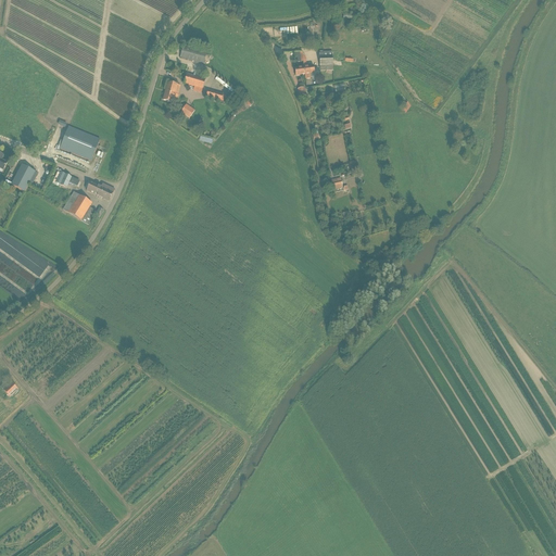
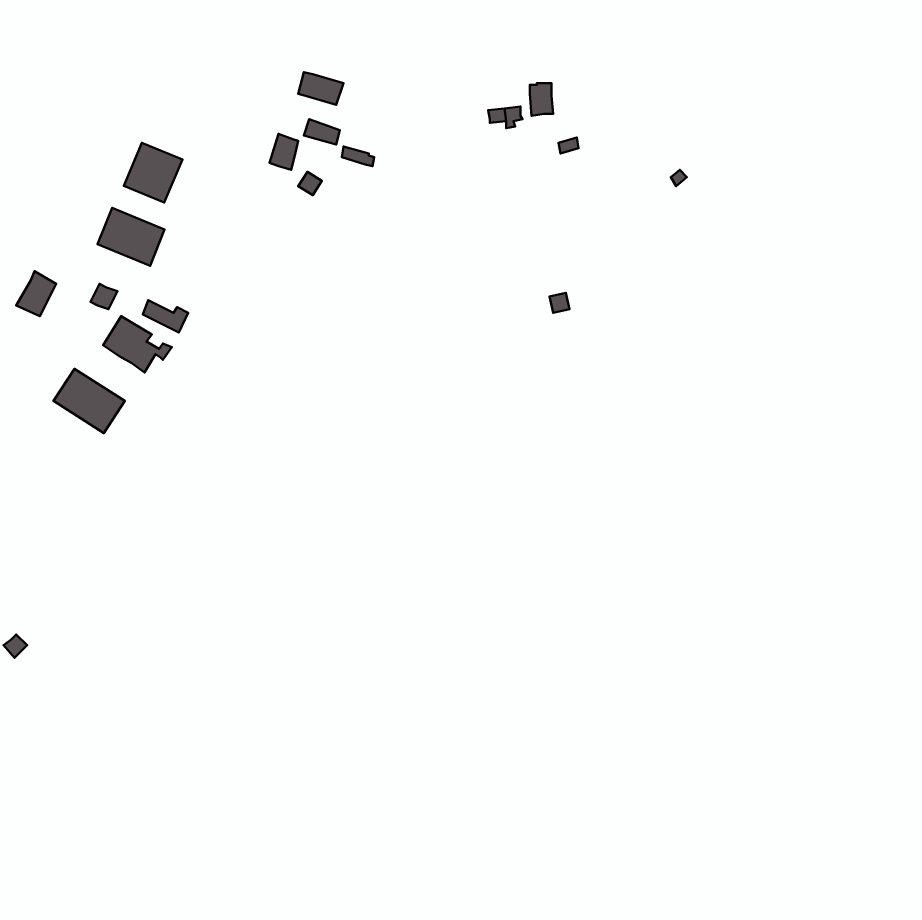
building: none -> [124,143,182,202]
building: none -> [54,369,125,433]

